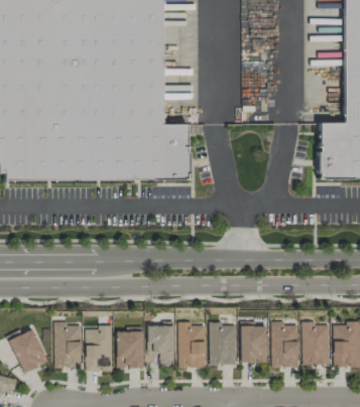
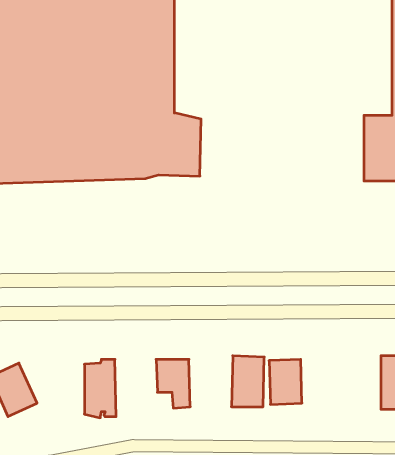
building: [303,320,331,365] -> none
building: [55,321,82,370] -> none
building: [272,322,299,368] -> none
building: [178,323,207,368] -> none
building: [116,326,144,368] -> none

